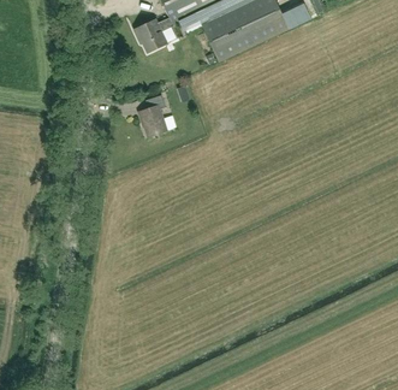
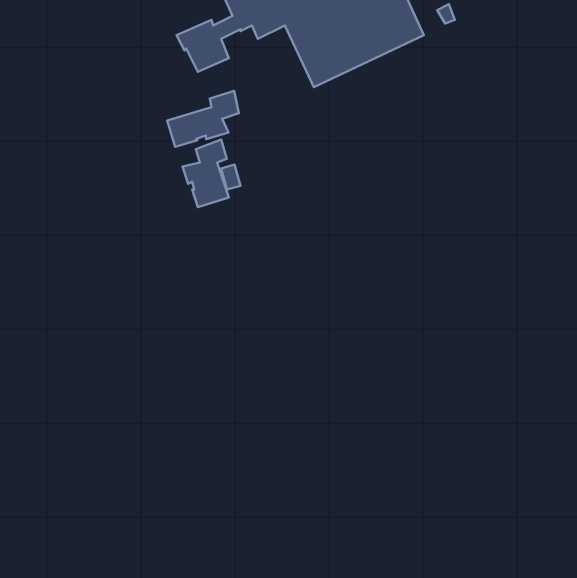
building: none -> [167,91,239,147]

